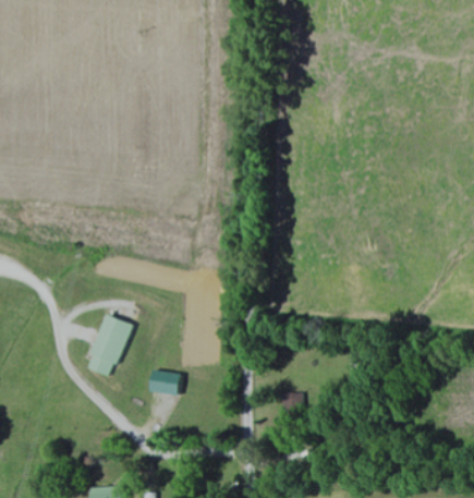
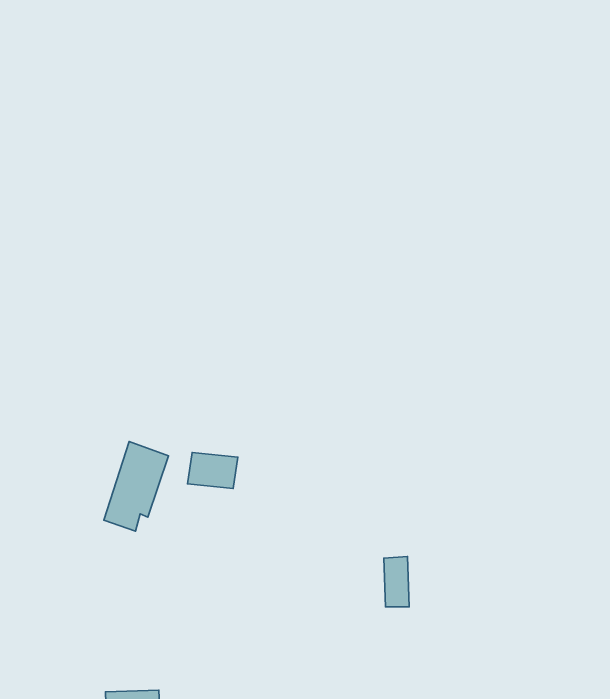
building: [148,371,183,396] -> [188,452,238,489]

